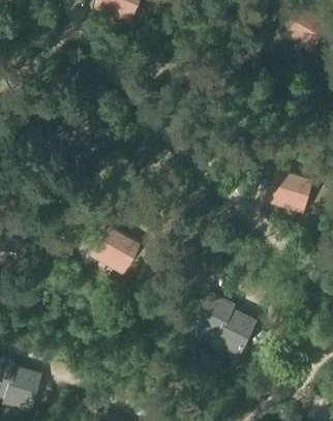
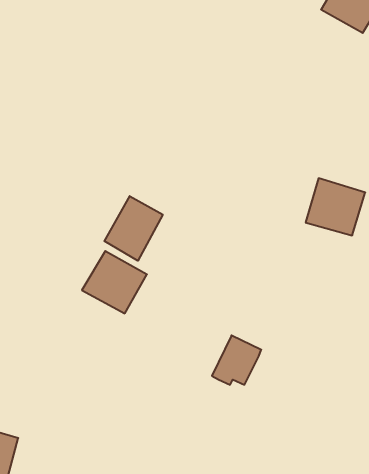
building: none -> [104,196,163,261]
building: [219,311,256,355] -> none

